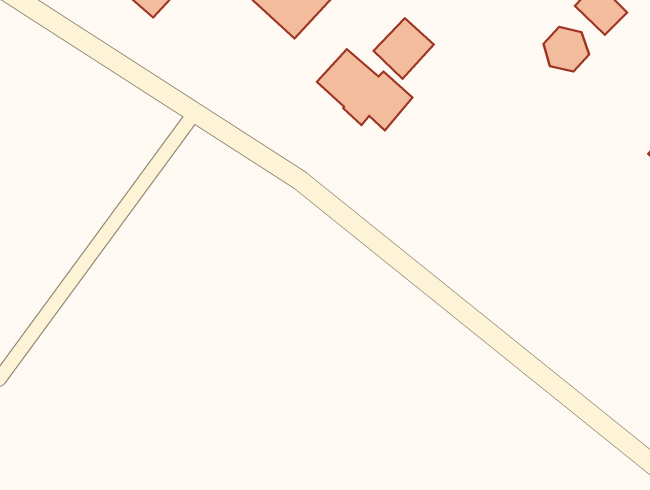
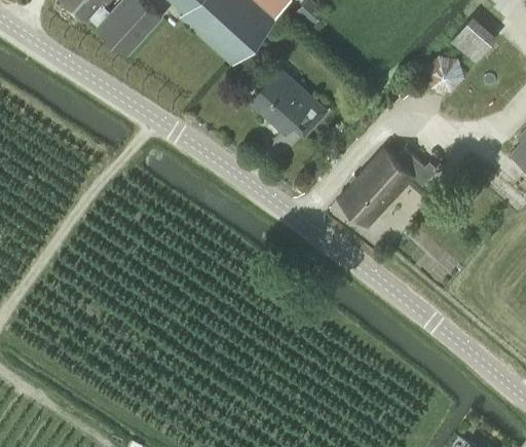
building: [373,18,434,79] -> none
building: none -> [338,148,426,225]

